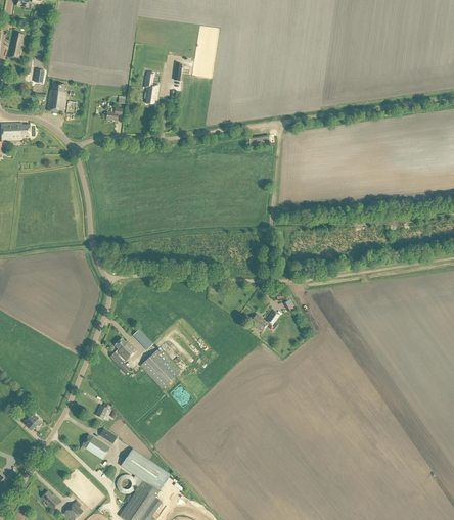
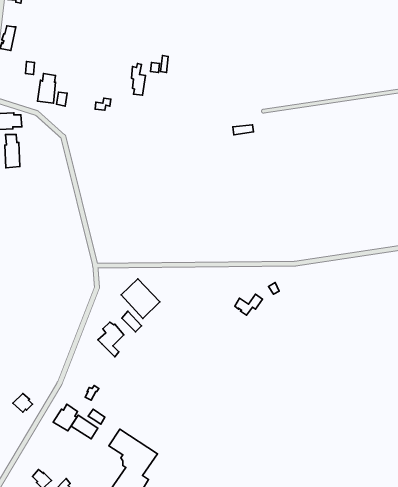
building: none -> [5,135,20,168]
building: [140,348,180,389] -> [121,279,160,319]
building: none -> [53,404,78,431]

